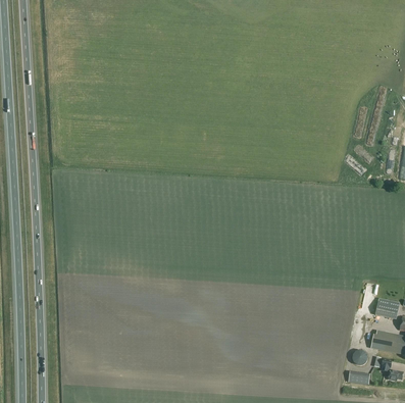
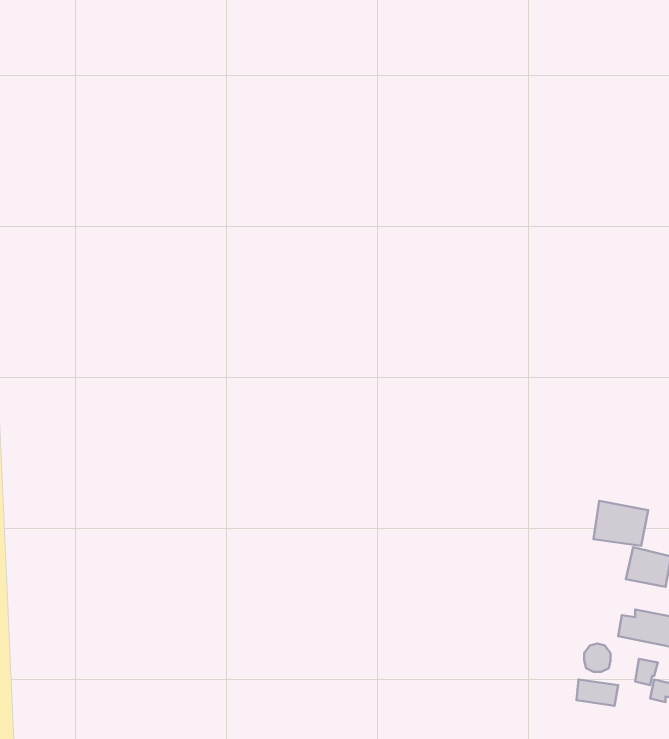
building: none -> [593,501,648,546]

